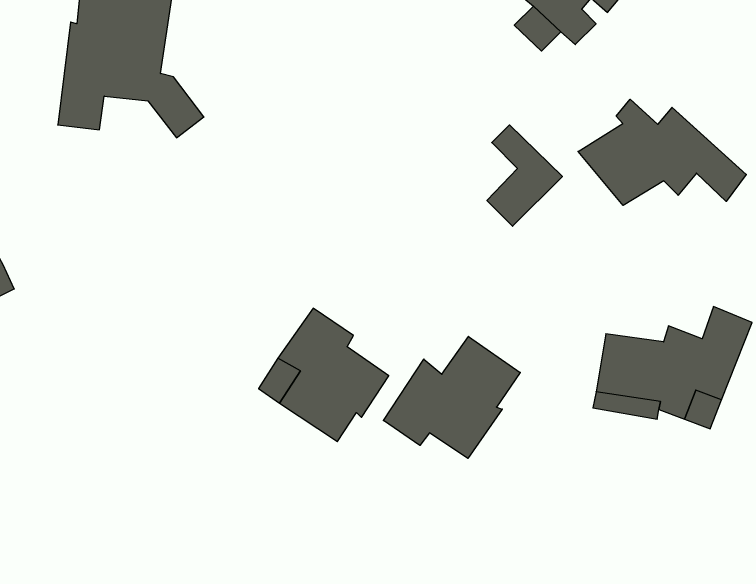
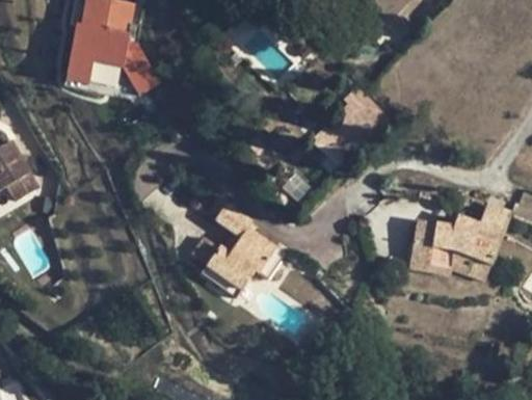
building: [578,99,746,205] -> none
building: [383,336,520,458] -> none

